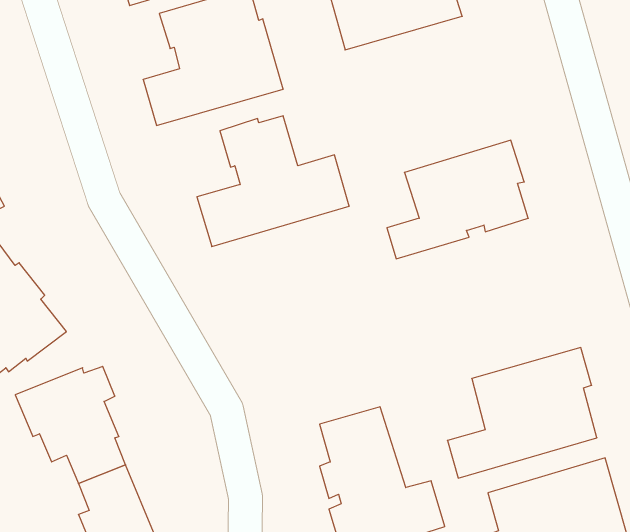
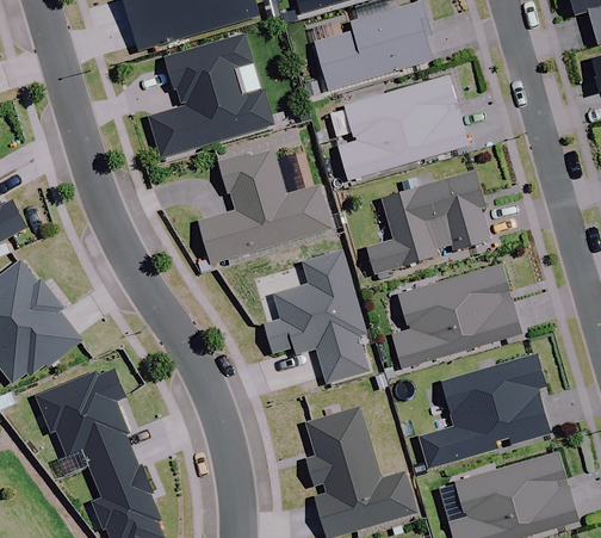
building: none -> [339,75,467,179]
building: none -> [262,249,368,383]
building: none -> [391,262,521,369]

